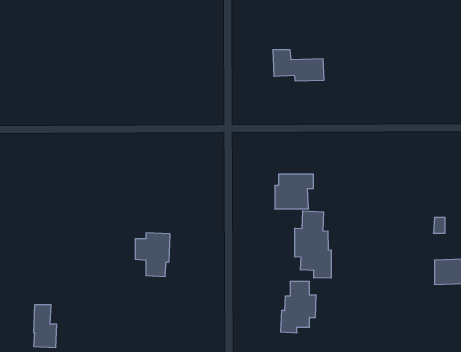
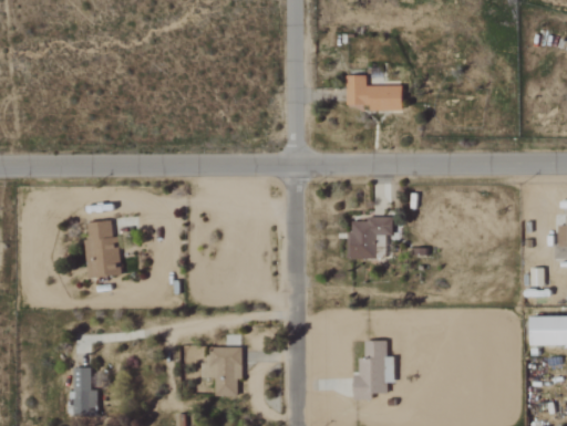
building: none -> [83,220,121,277]
building: [295,211,331,278] -> none
building: [135,233,170,276] -> [203,346,243,396]

